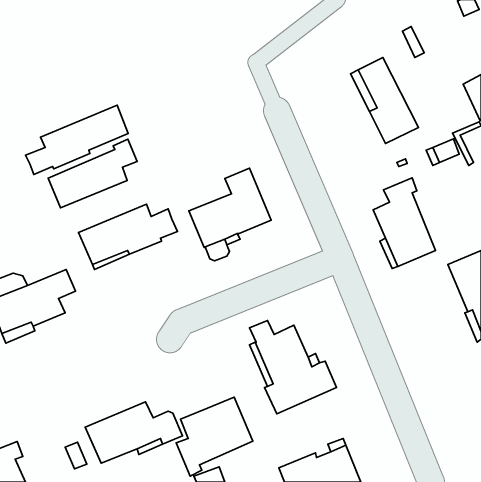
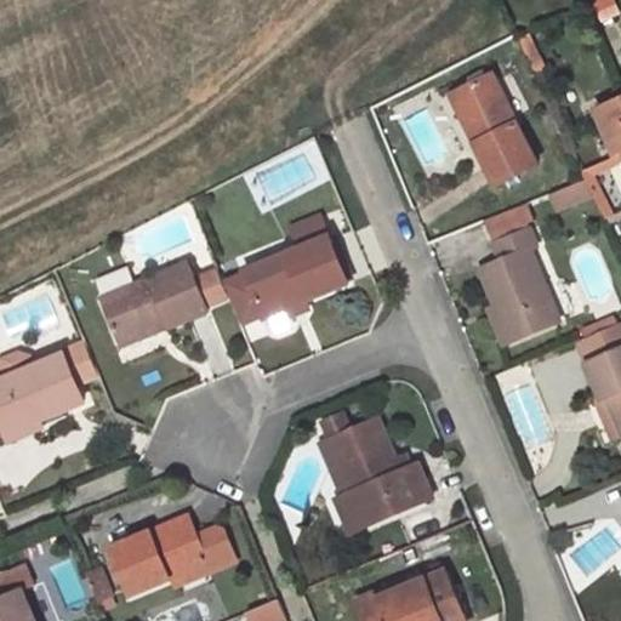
building: [26,105,128,175] -> none
building: [48,139,137,208] -> none
building: [176,397,253,476] -> none

